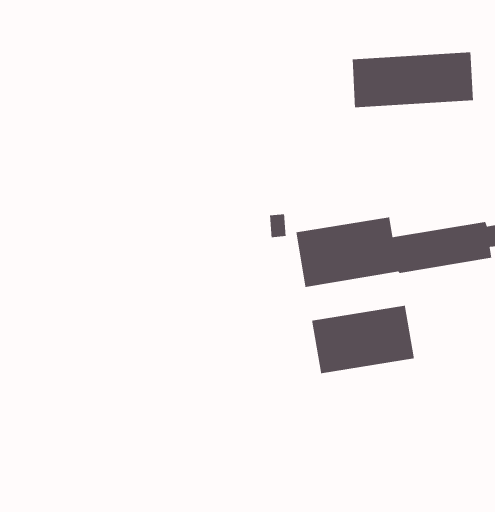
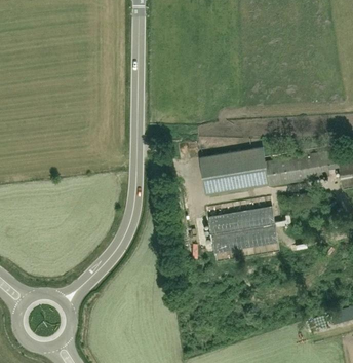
building: [352,52,474,108] -> none

